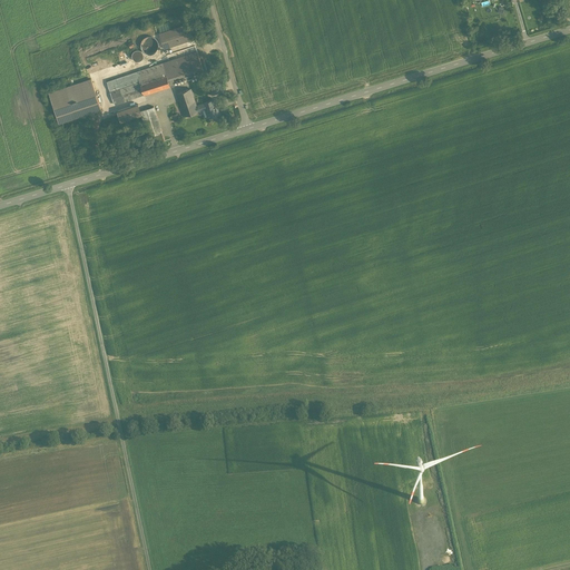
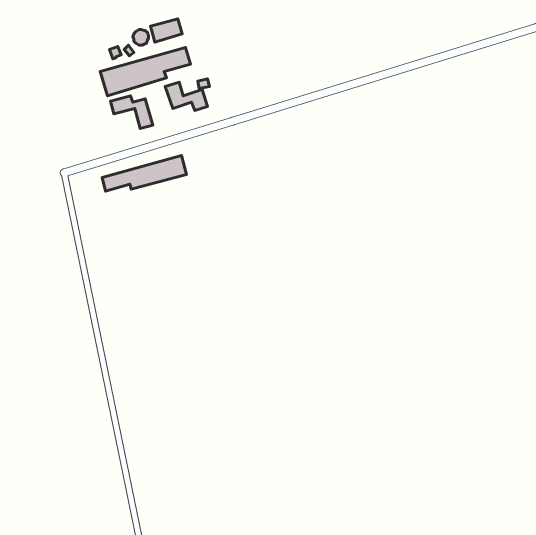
building: [46,82,98,126] -> none
building: none -> [102,155,187,191]

